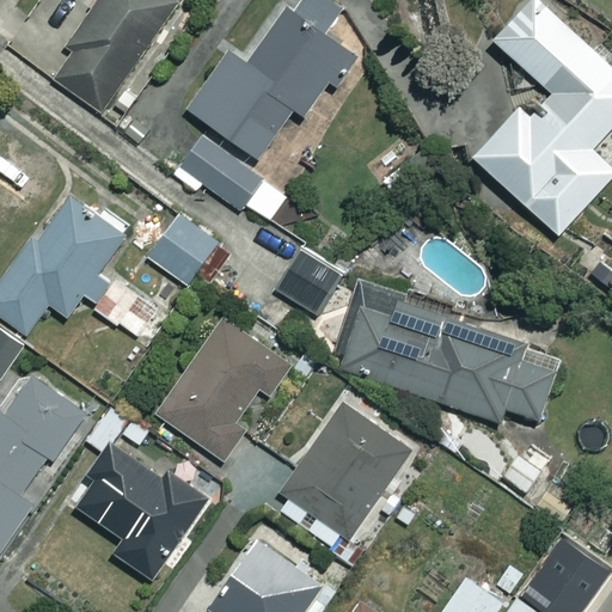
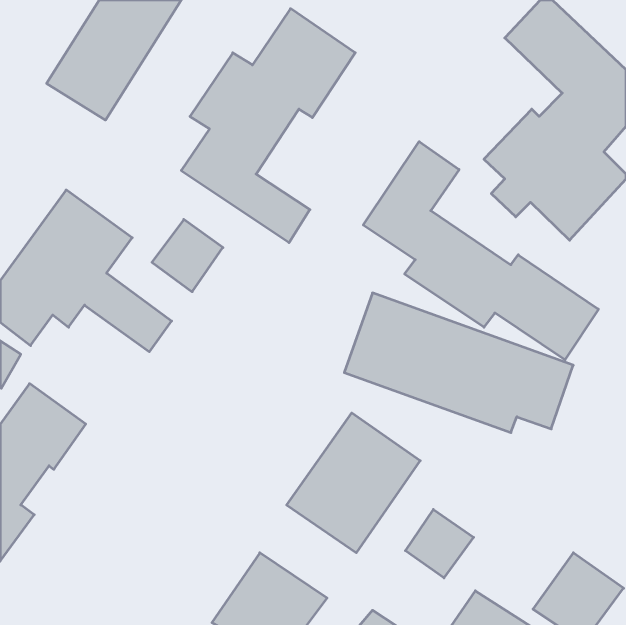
building: none -> [363,142,598,360]
building: [276,250,349,319] -> none
building: [154,318,290,461] -> none
building: [75,440,214,579] -> none
building: none -> [405,509,474,578]

